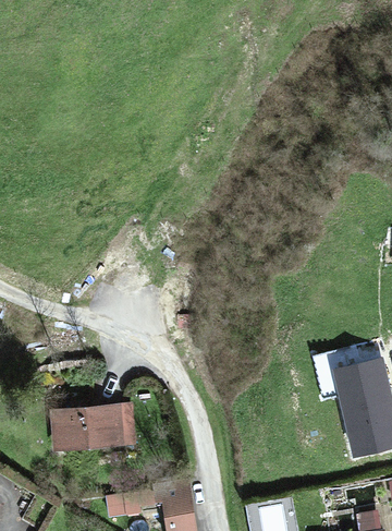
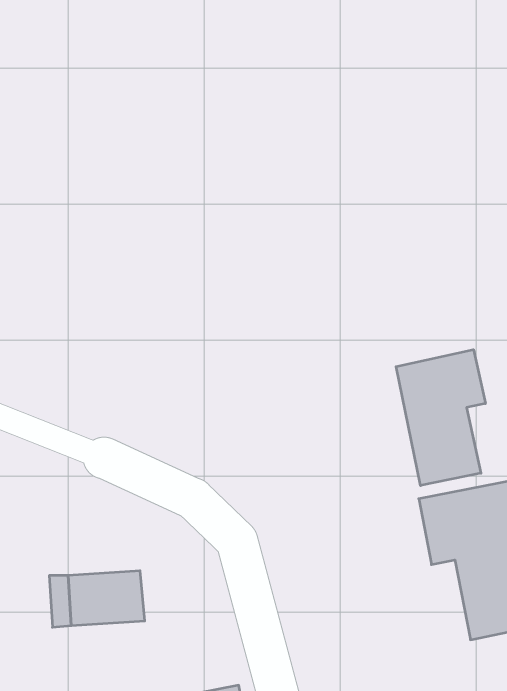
building: none -> [396,350,485,486]

